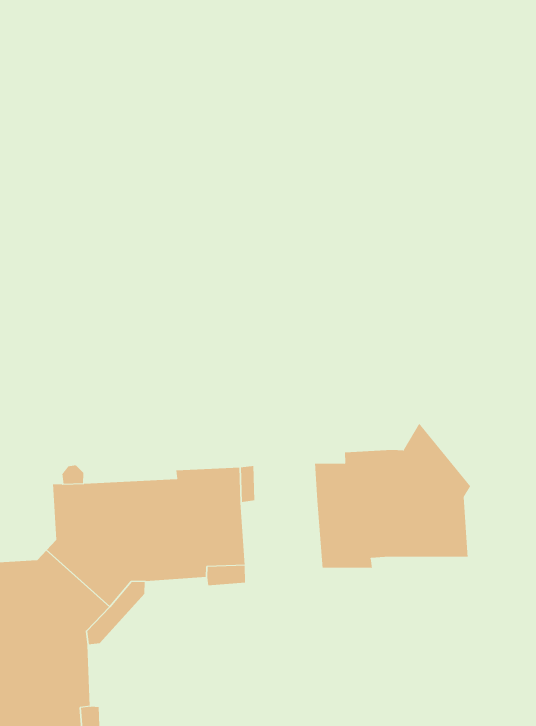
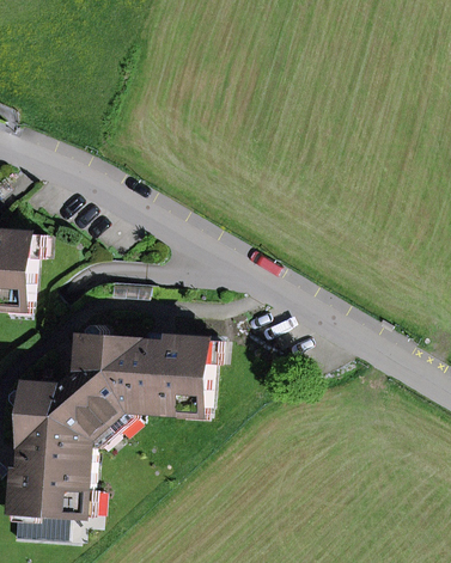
building: [315,423,471,569] -> none

